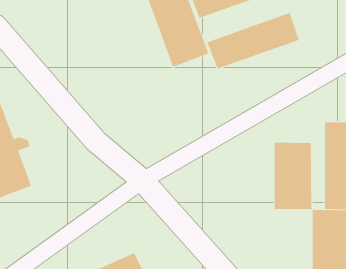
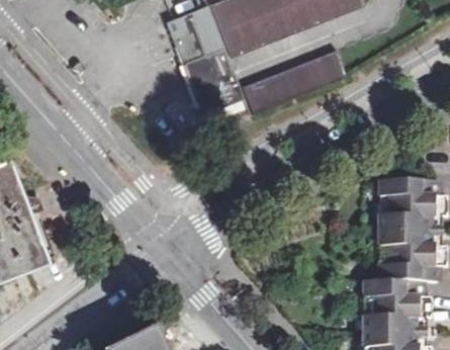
building: [274,142,312,210] -> none

